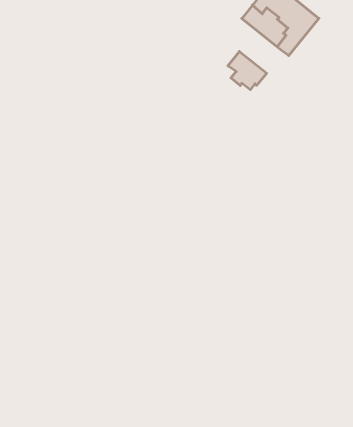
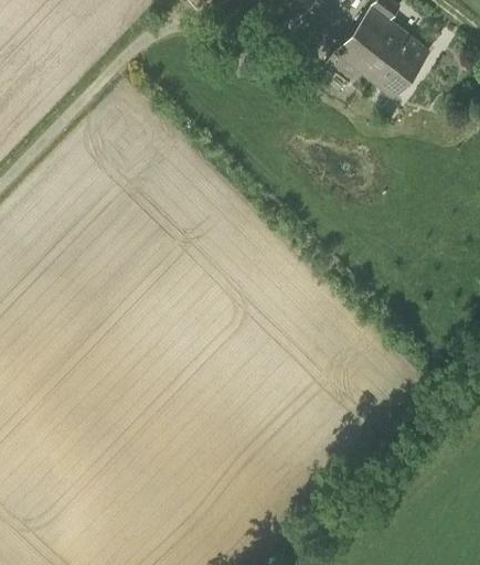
building: [228,51,267,90] -> none

